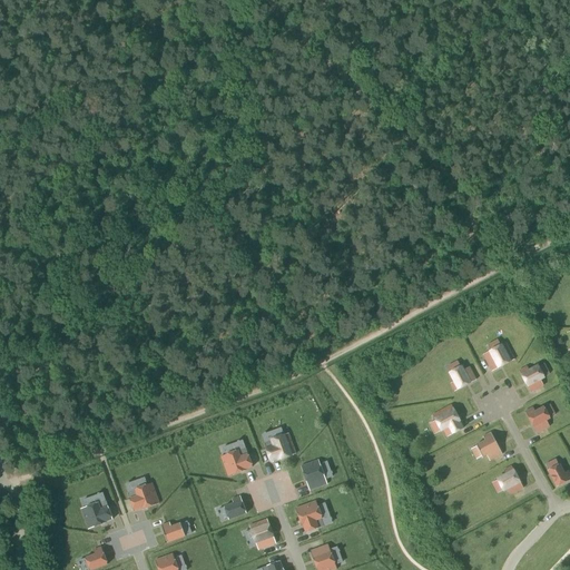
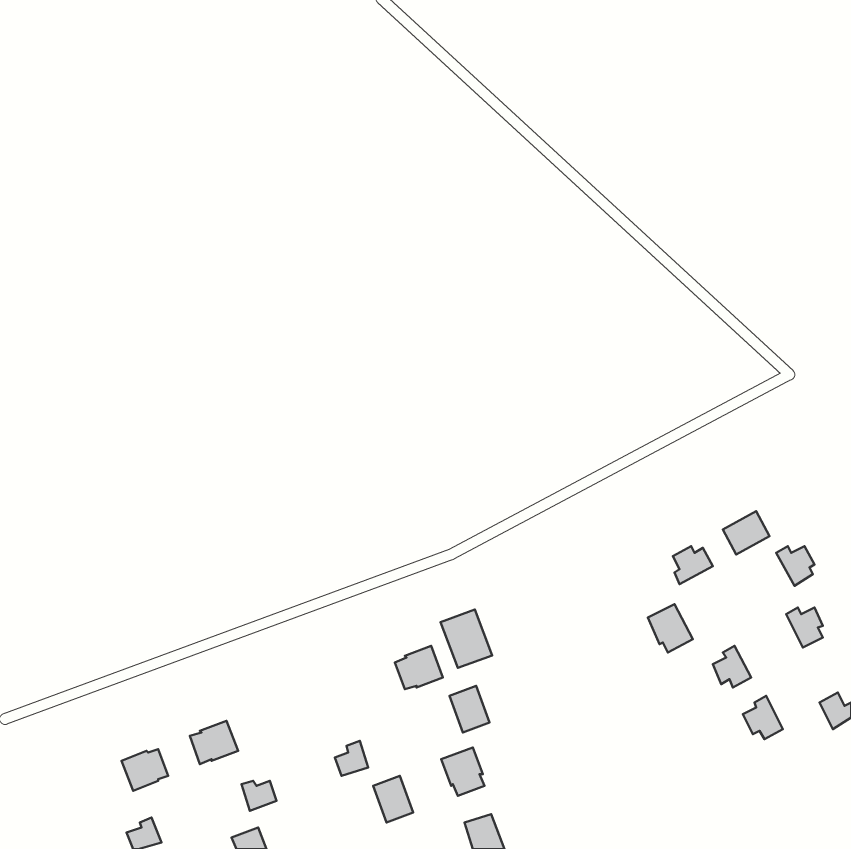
building: none -> [441,610,492,668]
building: [220,448,253,476] -> none

